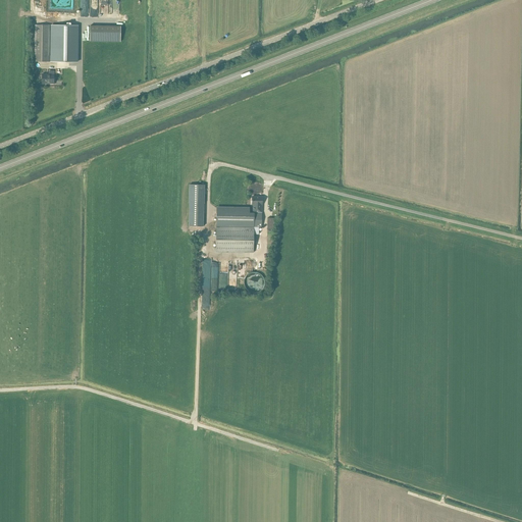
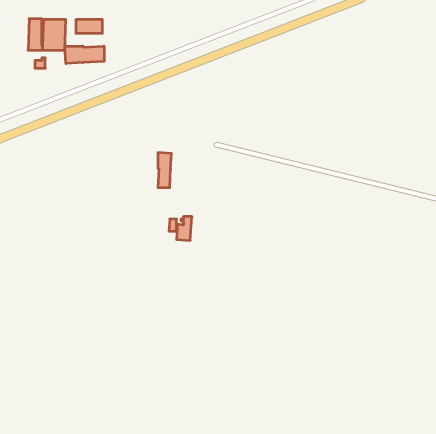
building: none -> [65,46,104,64]
building: [215,195,262,251] -> none

